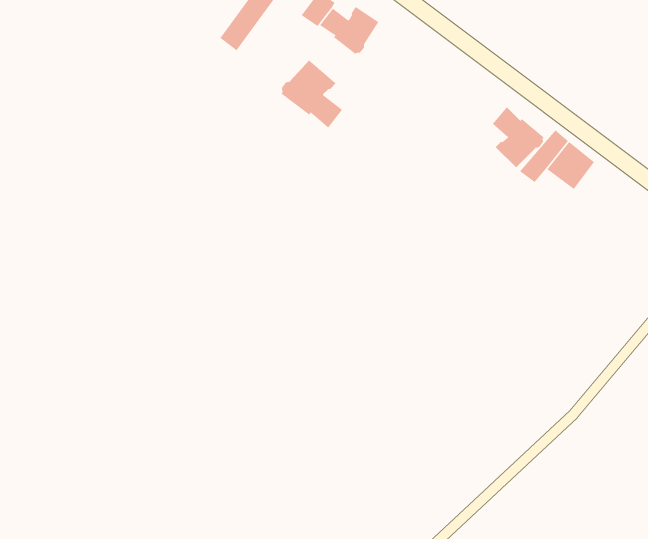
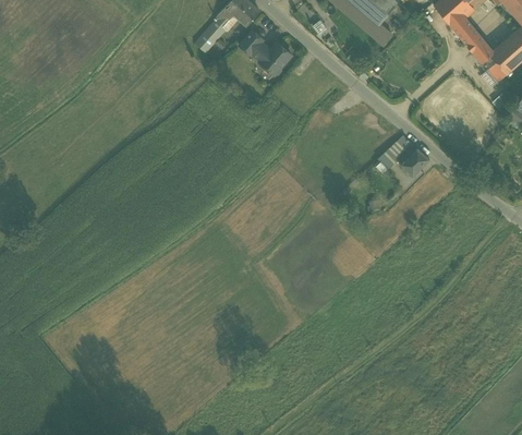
building: [281,59,343,129] -> none
building: [492,107,544,168] -> none

